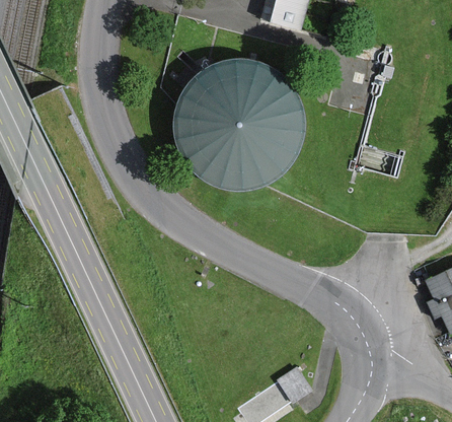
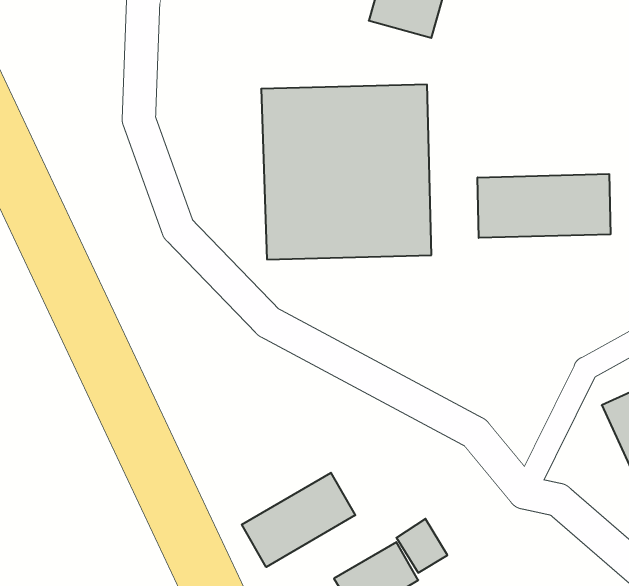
building: none -> [478,174,610,238]
building: none -> [242,473,355,567]

